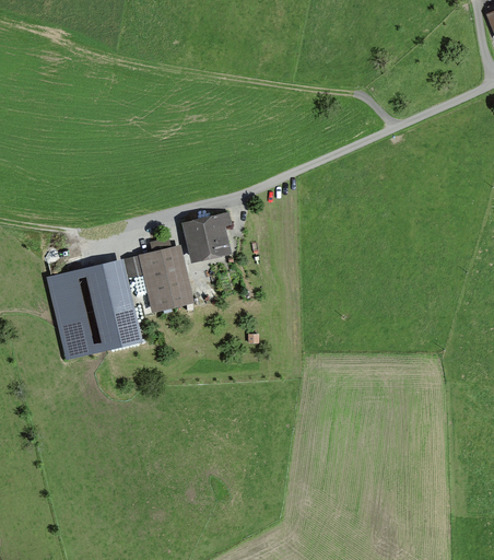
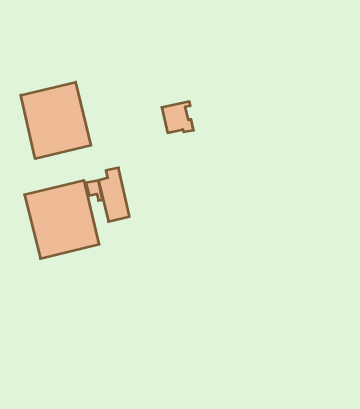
building: none -> [21,82,91,159]
building: [186,217,227,257] -> [162,102,194,133]

